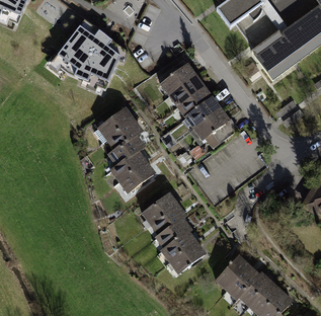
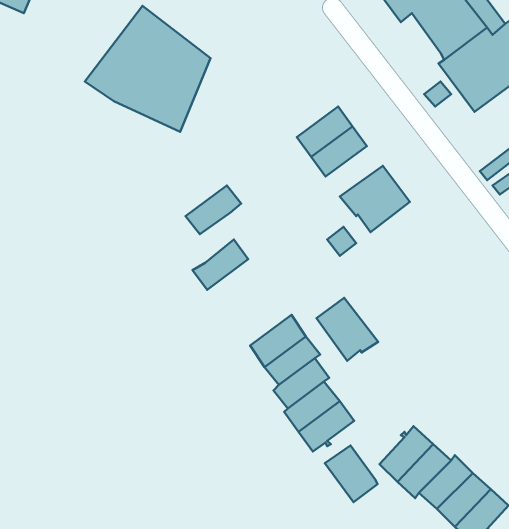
building: [163,65,194,93] -> none
building: [187,98,220,127] -> none
building: [94,108,132,142] -> none
building: [110,136,142,164] -> none
building: [121,162,153,190] -> none
building: none -> [316,298,378,361]
building: none -> [325,446,377,502]

